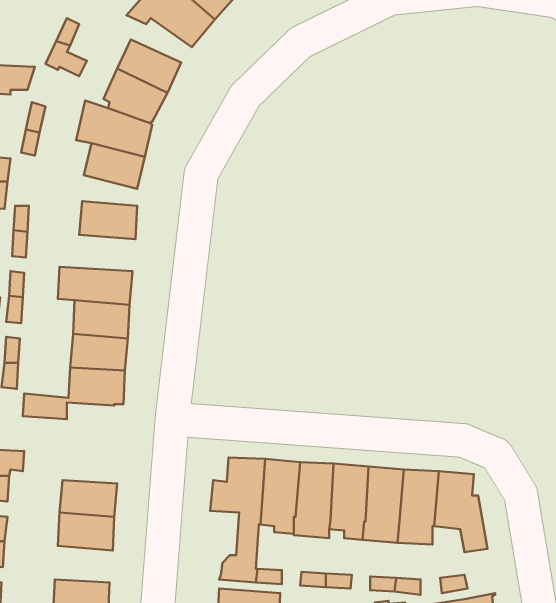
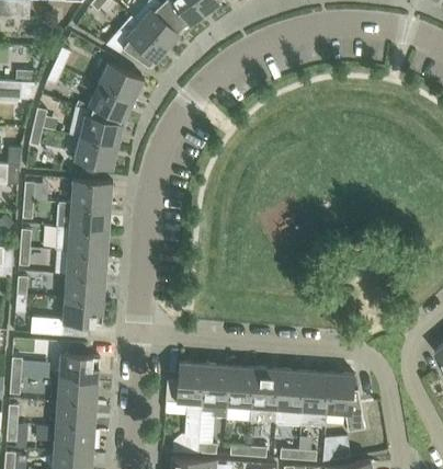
building: none -> [56,202,111,229]
building: none -> [58,353,100,381]
building: none -> [53,426,94,453]

